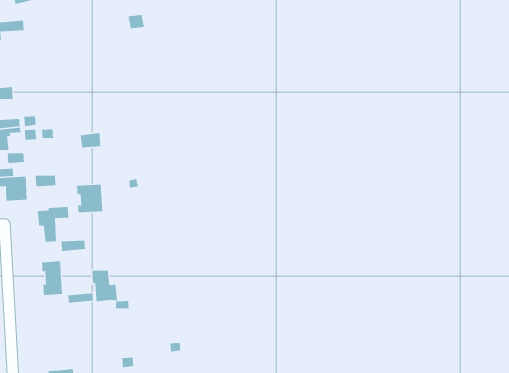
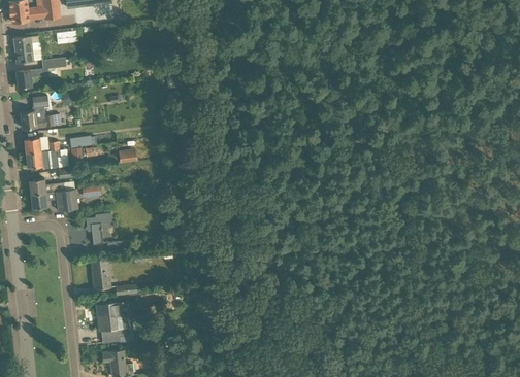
building: [76,184,103,213] -> none
building: [92,270,130,309] -> [96,304,130,337]

